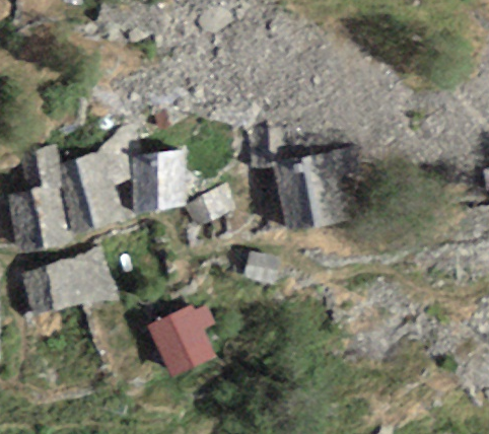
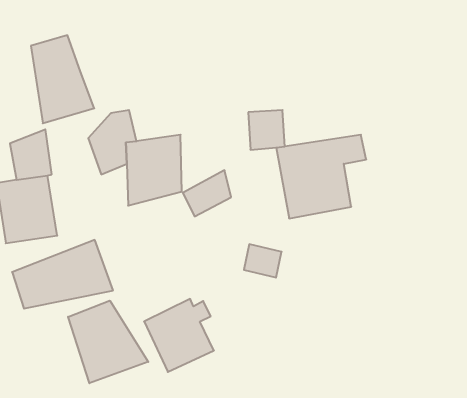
building: [61,152,121,235] -> [31,35,94,123]
building: none -> [68,301,148,383]

